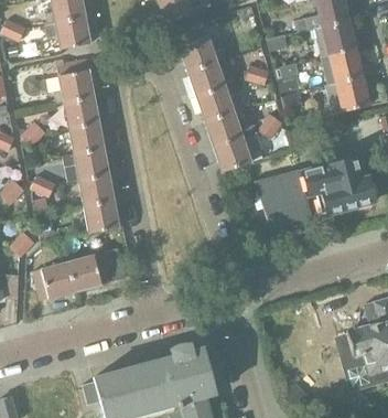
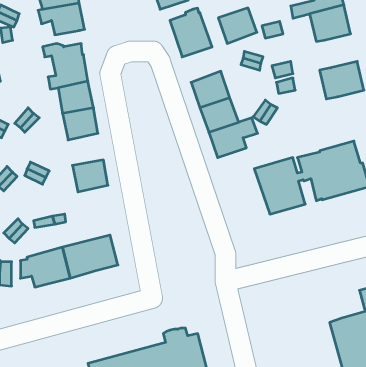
building: [328,47,362,82] -> none
building: [187,61,226,96] -> [218,8,257,43]
building: [63,147,109,179] -> none
building: [84,199,119,232] -> none

